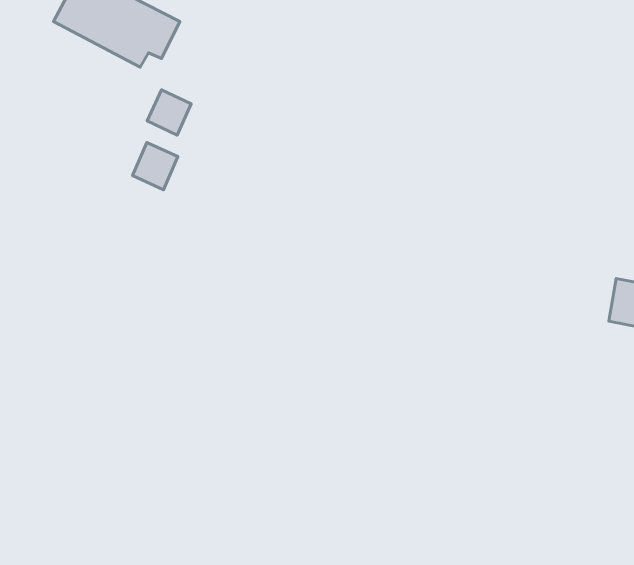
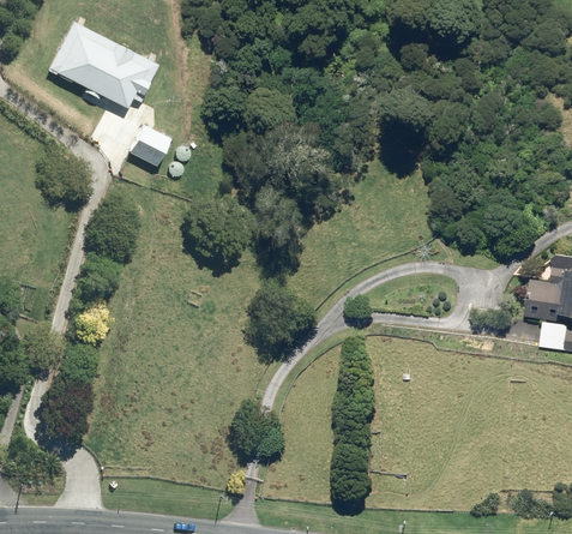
building: [132,142,178,190] -> none

